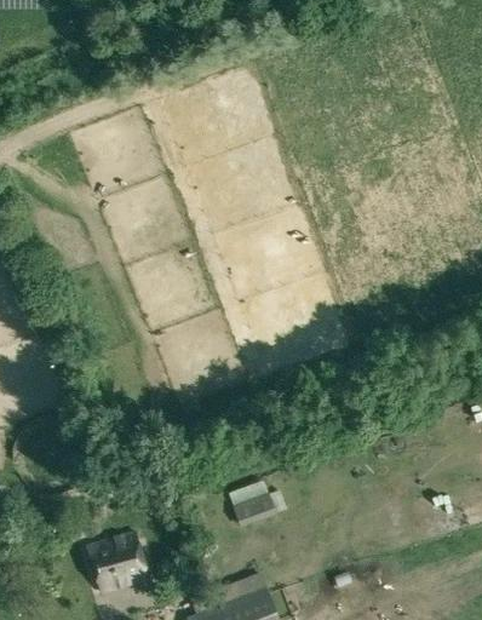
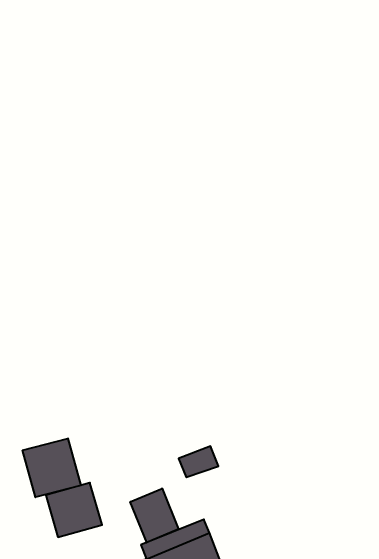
building: none -> [23,438,81,497]
building: none -> [130,488,179,543]

